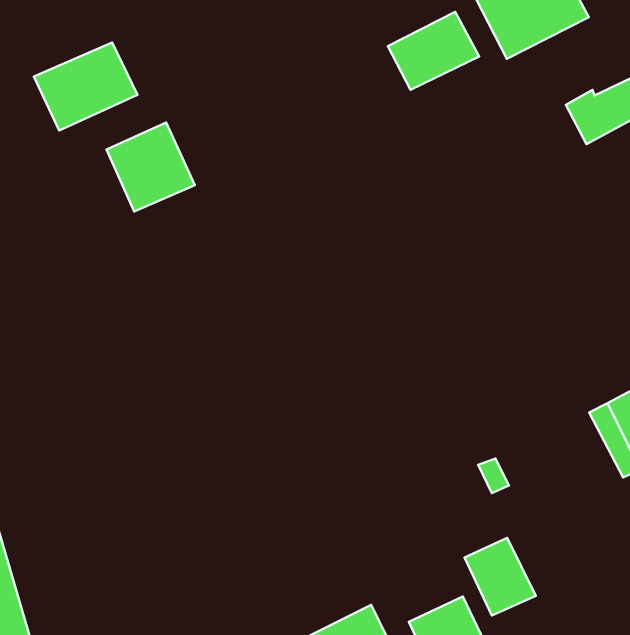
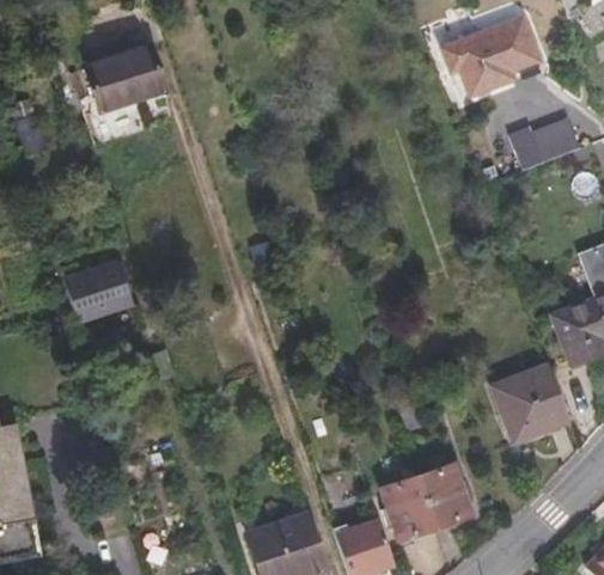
building: [388,12,479,90] -> none
building: [107,122,195,212] -> none
building: none -> [68,269,134,326]
building: none -> [422,465,475,526]

